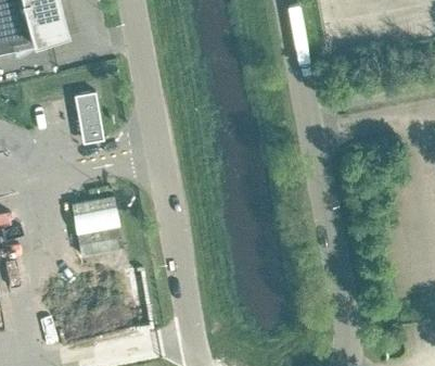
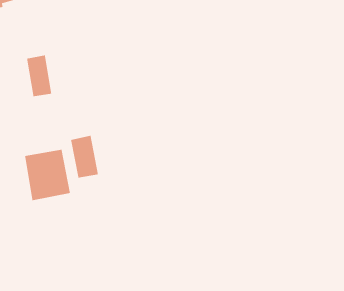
building: none -> [70,135,99,178]

